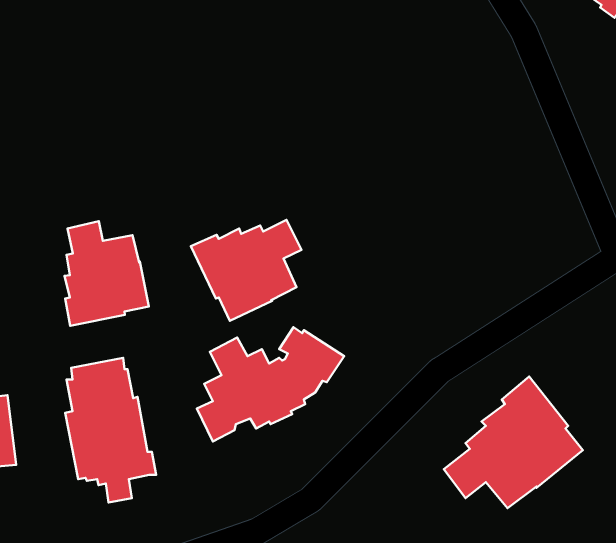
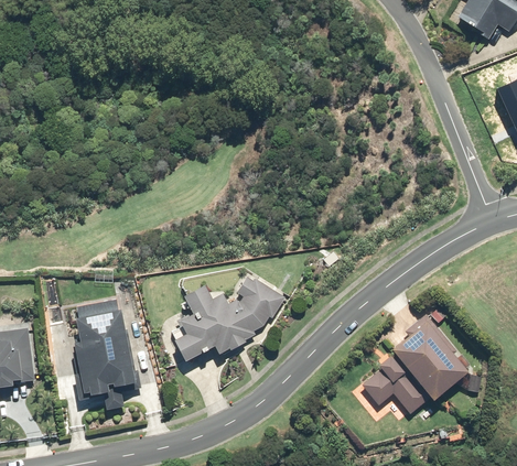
building: [191,220,302,321] -> none
building: [65,221,149,326] -> none

